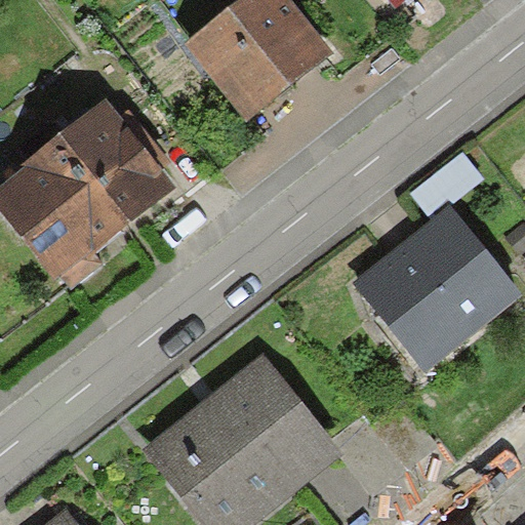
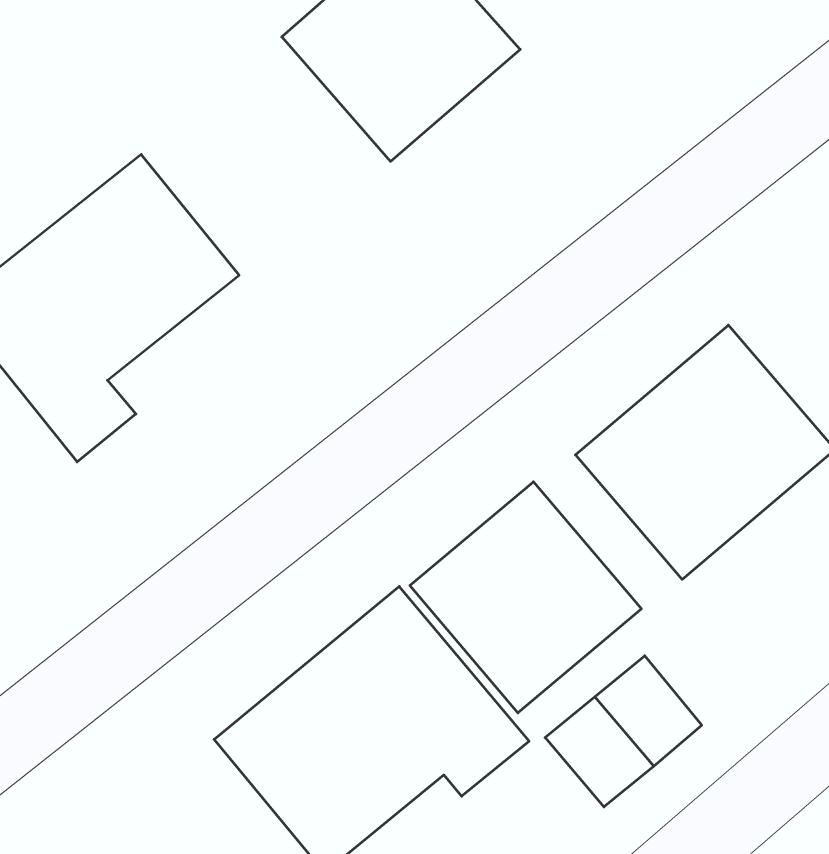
building: none -> [410,482,641,713]

